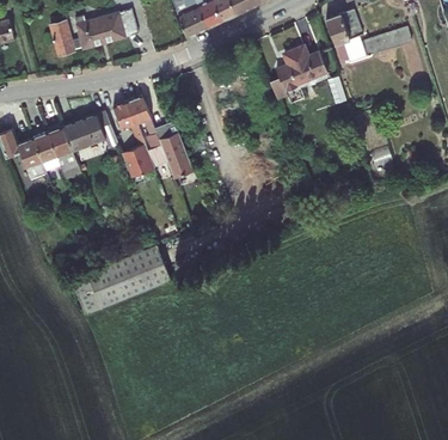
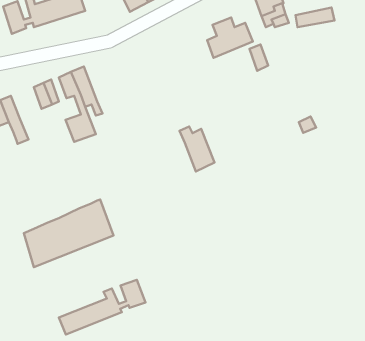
building: [60,118,93,152] -> none
building: [154,129,192,178] -> [180,127,214,171]
building: none -> [59,280,146,334]

